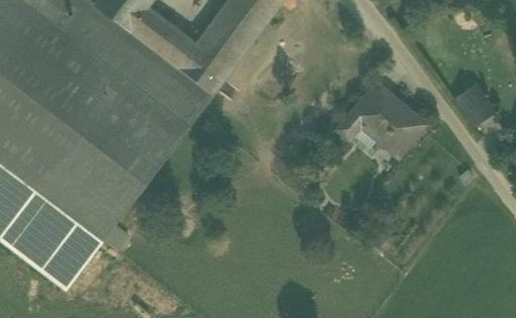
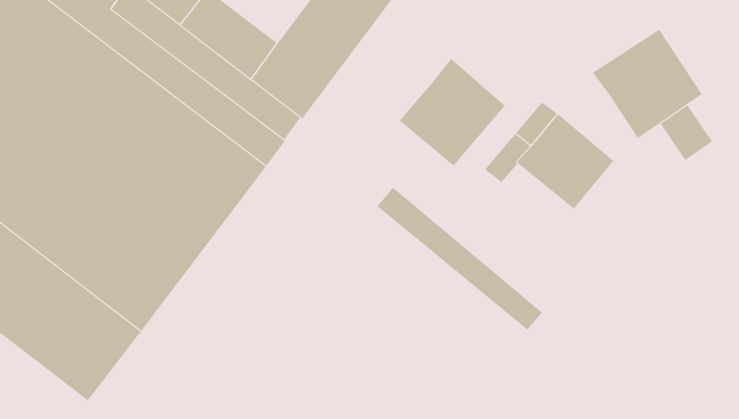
building: none -> [593,29,703,139]
building: none -> [399,58,506,166]
building: none -> [377,187,543,330]

